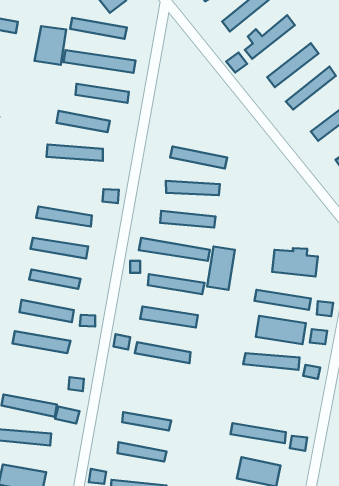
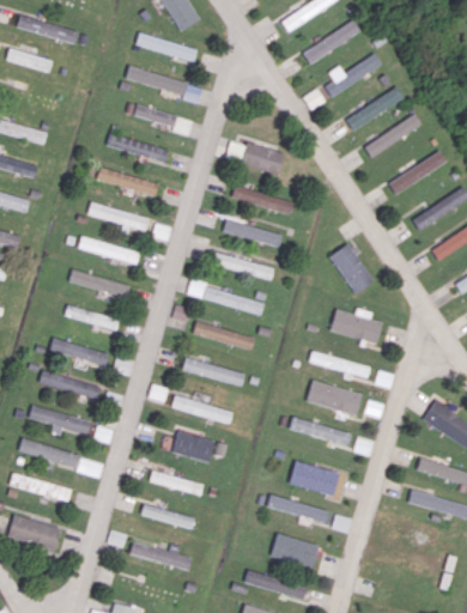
building: [34,26,66,65] -> none
building: none -> [242,144,284,174]
building: none -> [87,201,150,233]
building: none -> [328,243,375,293]
building: [207,246,235,290] -> none
building: none -> [29,405,91,436]
building: none -> [172,431,216,462]
building: none -> [289,461,339,496]

